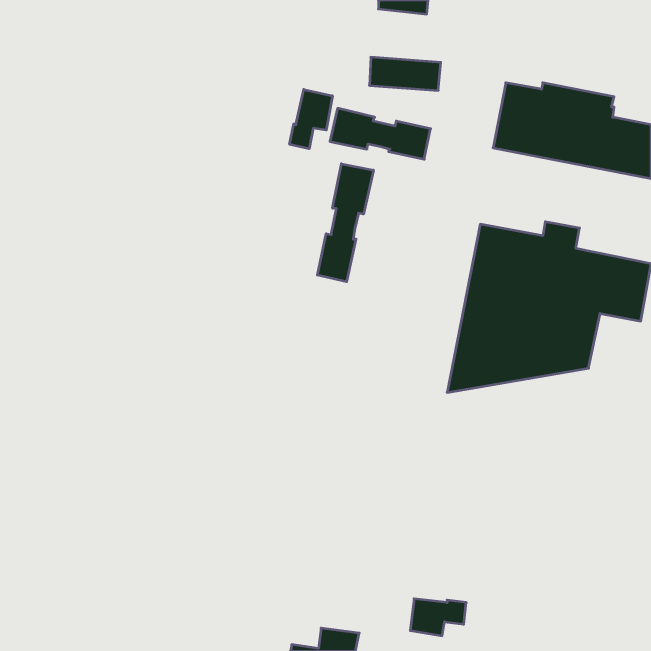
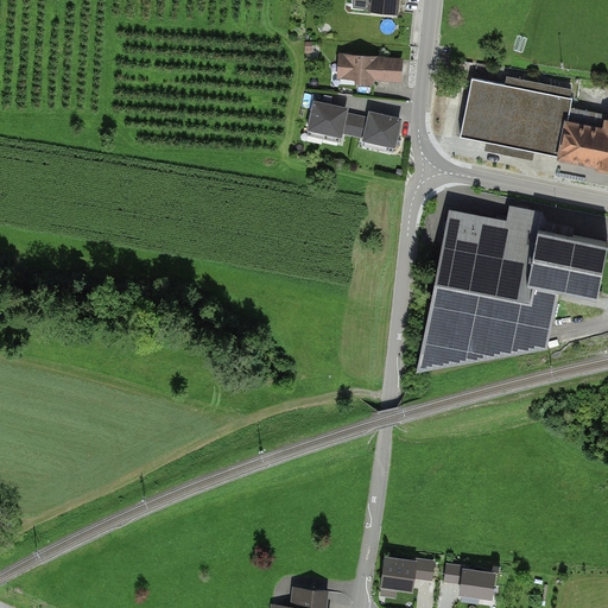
building: [290,89,332,149] -> none
building: [317,164,373,282] -> none
building: none -> [445,565,495,598]

